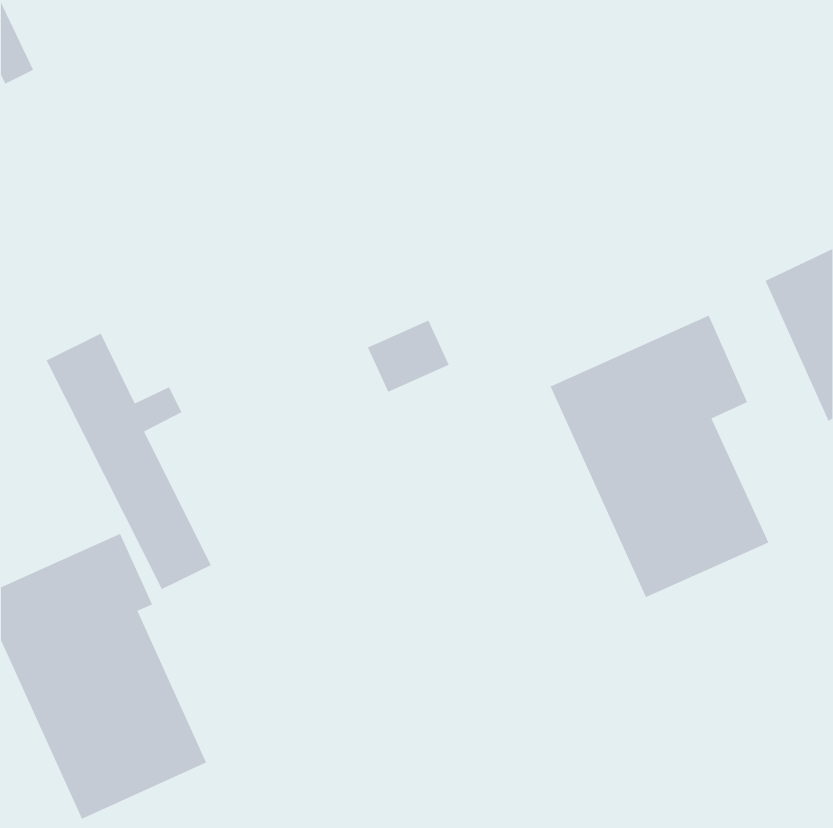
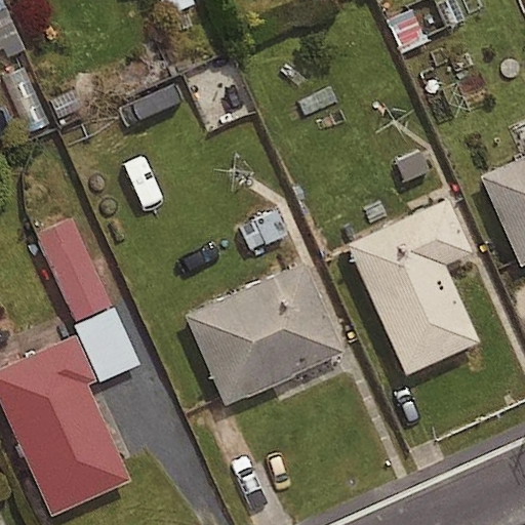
building: none -> [186,264,345,405]

